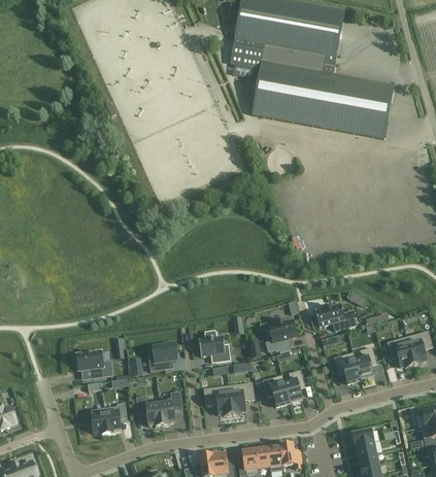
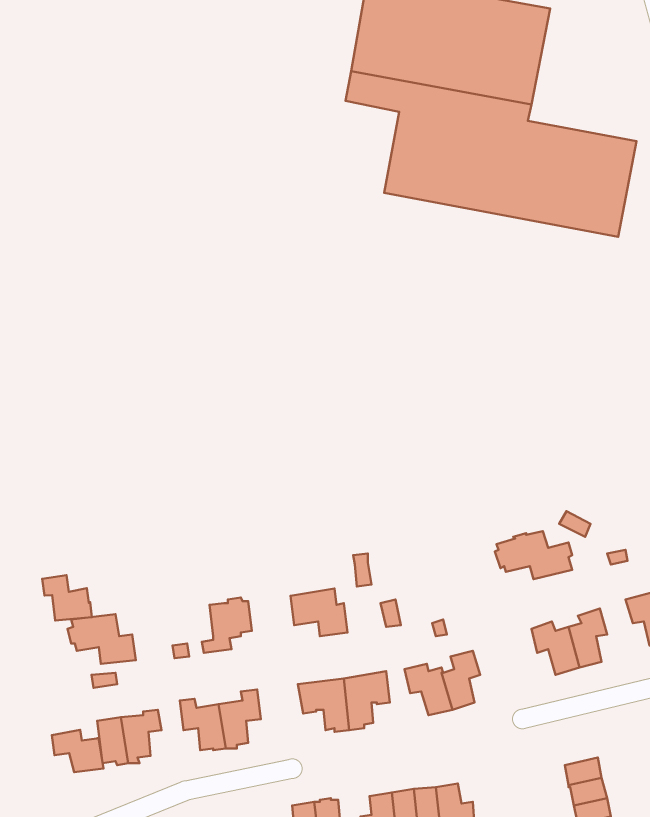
building: [266,319,297,352] -> none
building: none -> [42,575,92,620]
building: none -> [52,730,103,772]

